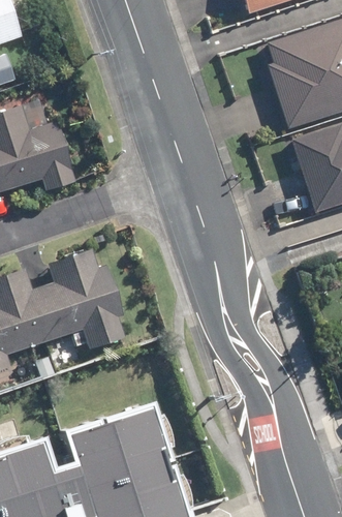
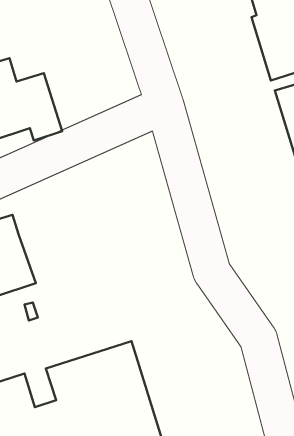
building: [32,249,125,347] -> none

